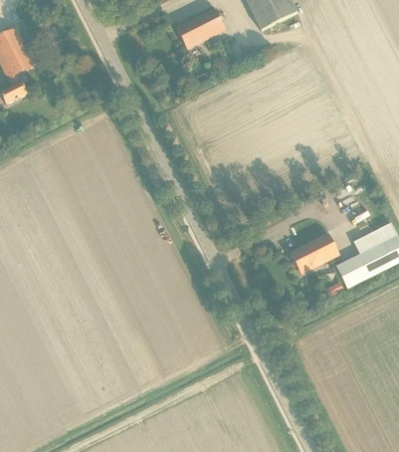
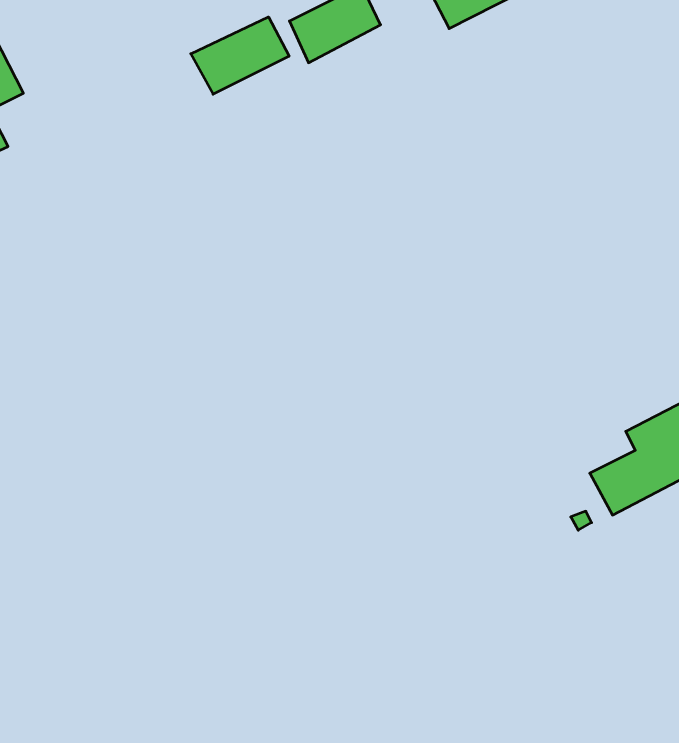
building: none -> [191,17,289,94]
building: [290,231,339,272] -> none

